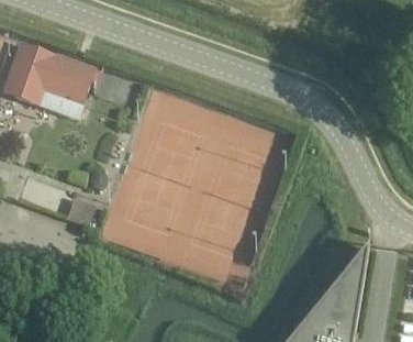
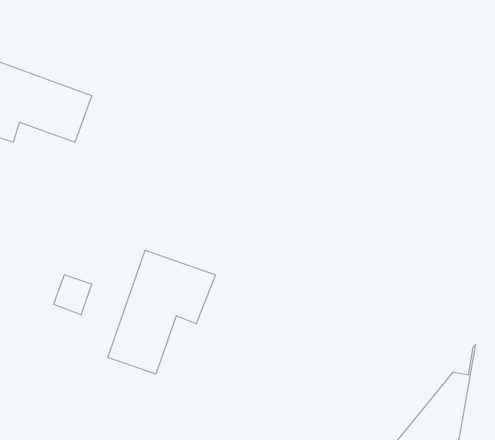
building: none -> [108,250,215,374]

